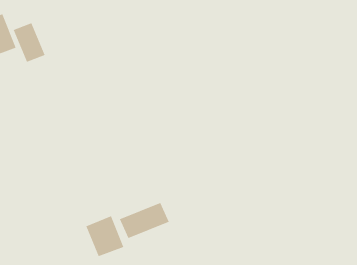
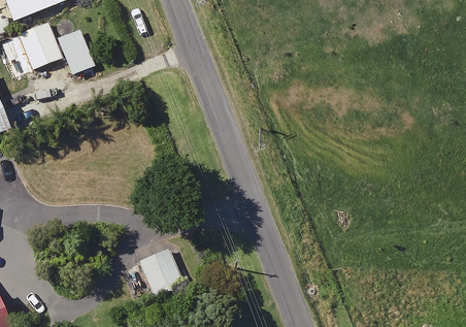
building: [119,202,169,239] -> none

